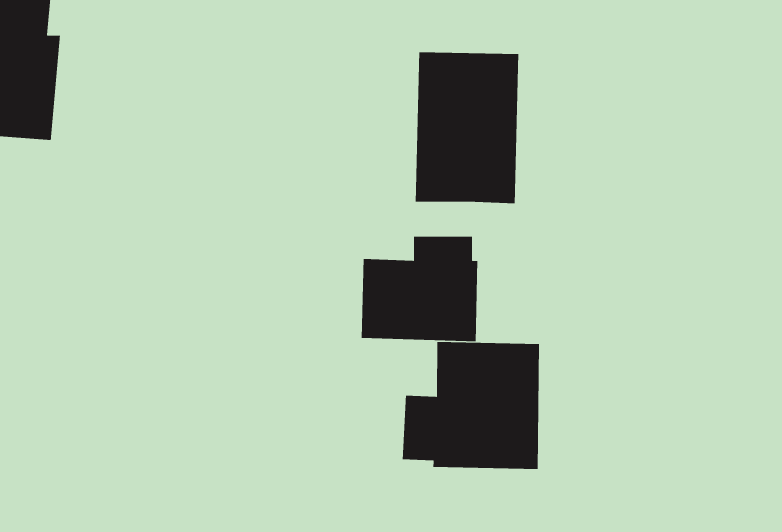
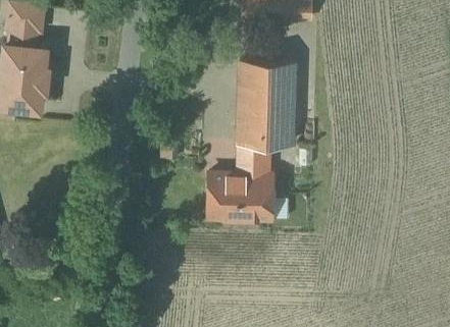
building: none -> [238,144,271,162]
building: [402,341,540,470] -> none

